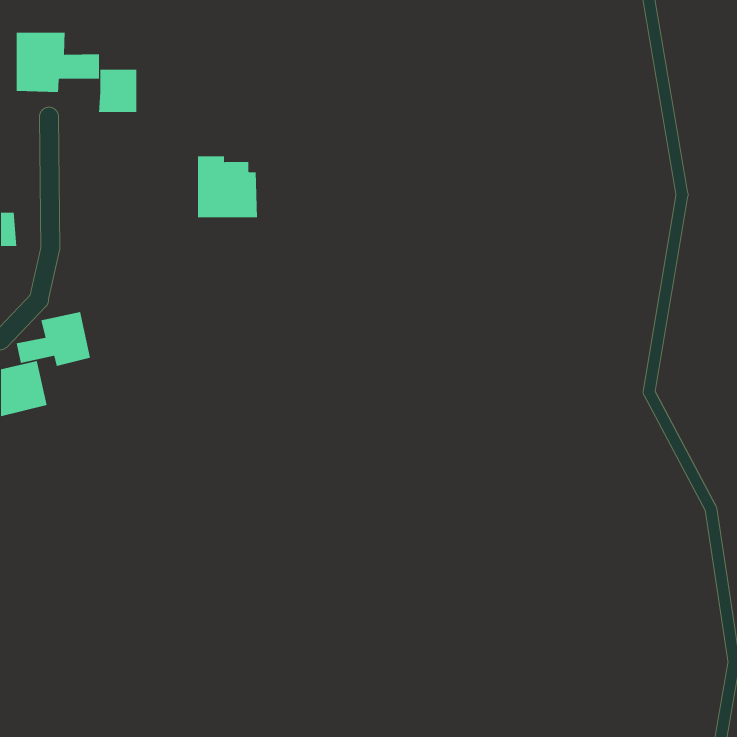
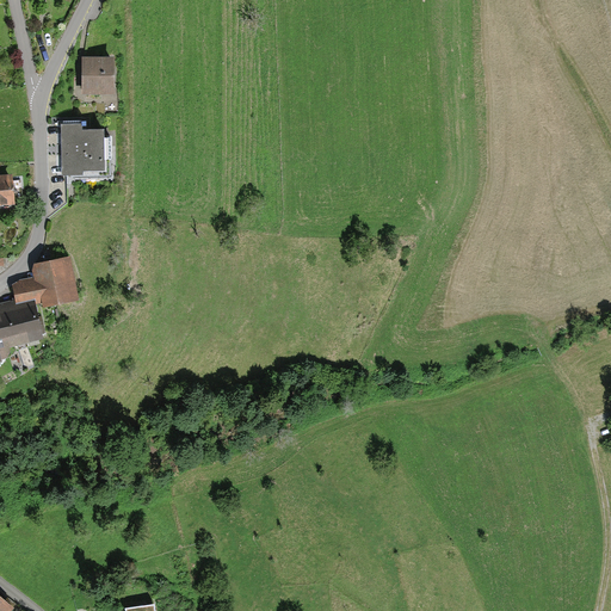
building: [16,32,100,93] -> none
building: [197,156,258,218] -> [61,124,111,175]

